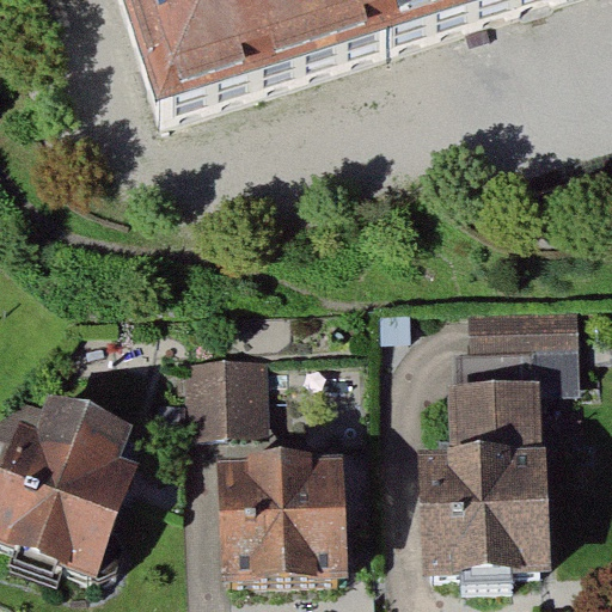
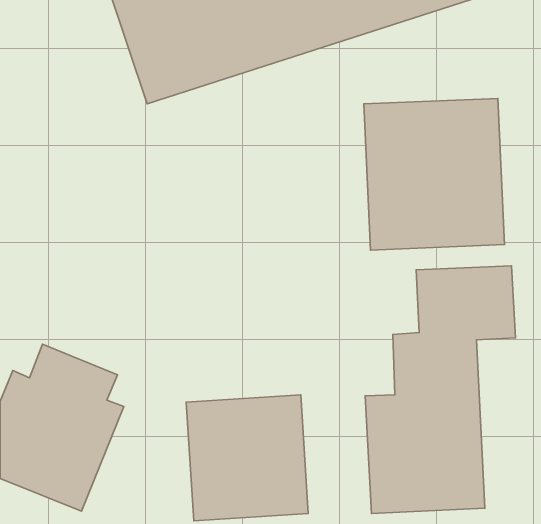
building: none -> [364,98,504,250]
building: [186,349,271,428] -> none

